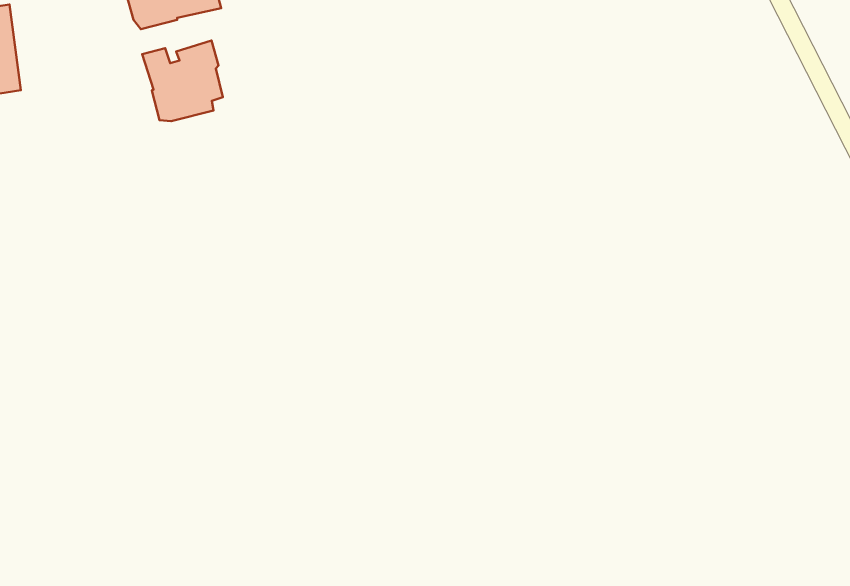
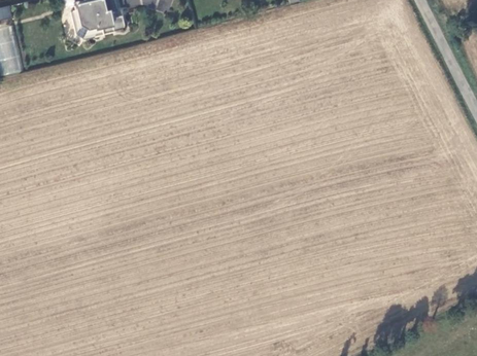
building: [142,41,223,121] -> none

